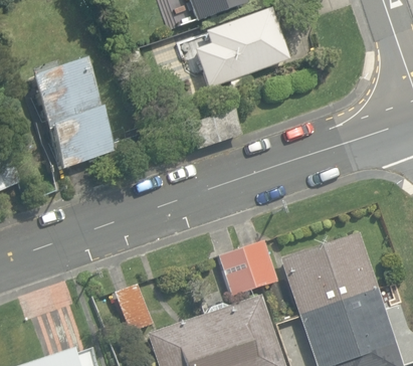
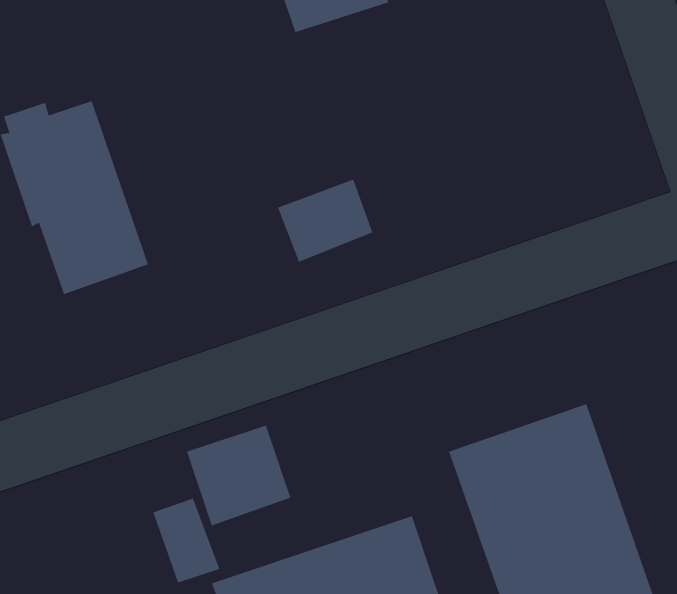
building: [195,8,291,88] -> none
building: [219,240,278,298] -> [186,425,291,526]

